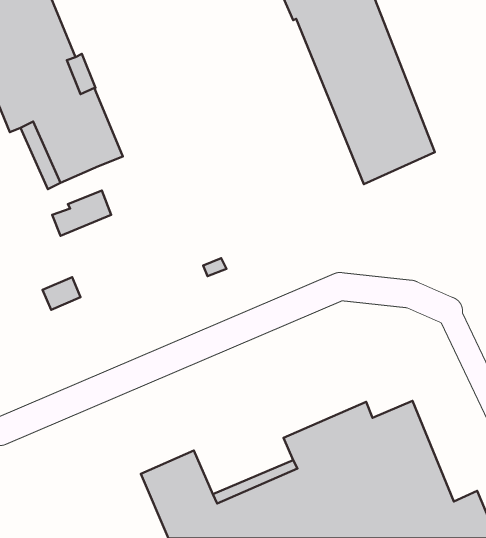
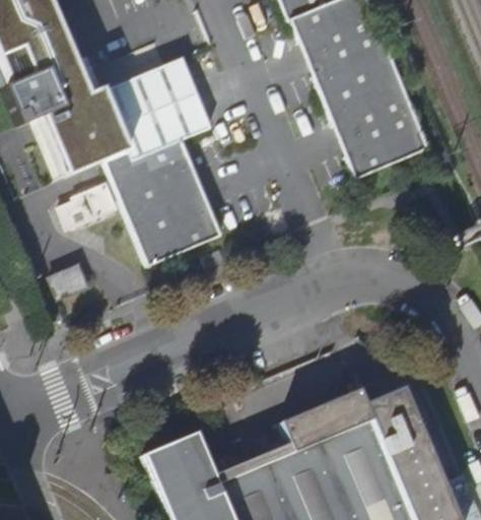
building: none -> [100,55,222,268]

